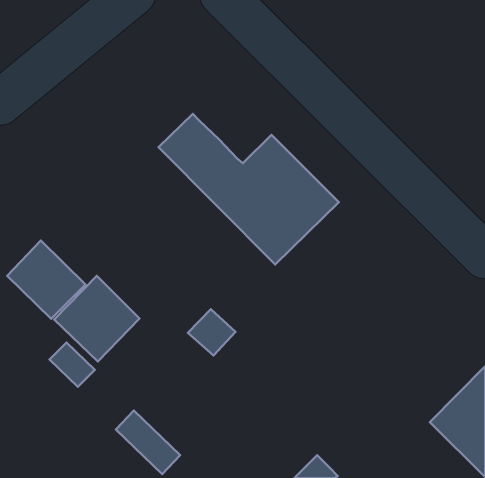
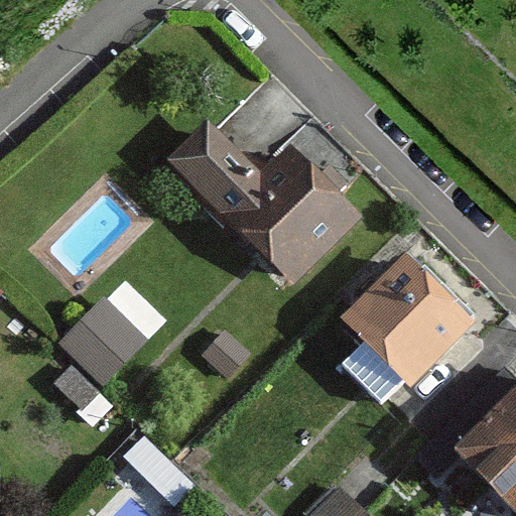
building: none -> [340,253,472,385]
building: [7,241,86,319] -> none

